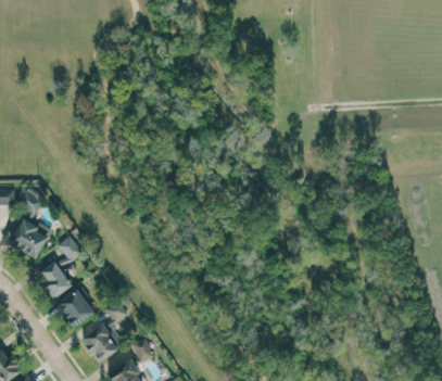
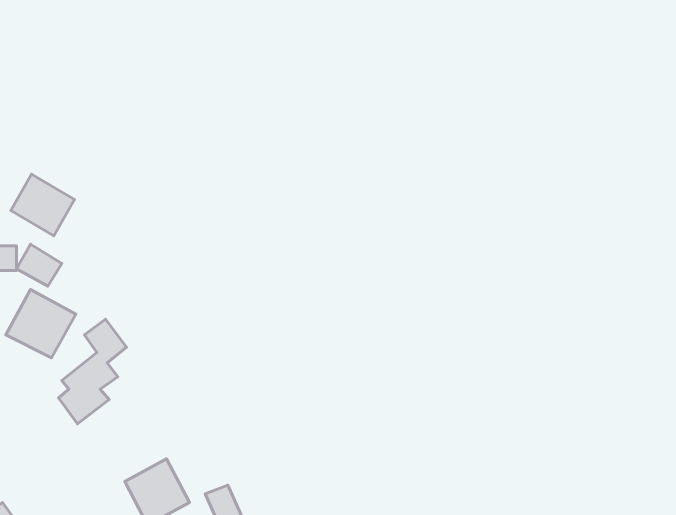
building: none -> [11,174,74,236]
building: [55,289,94,328] -> none

